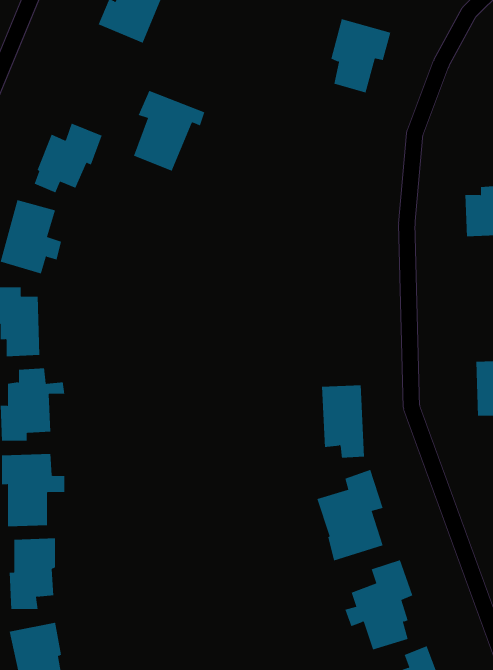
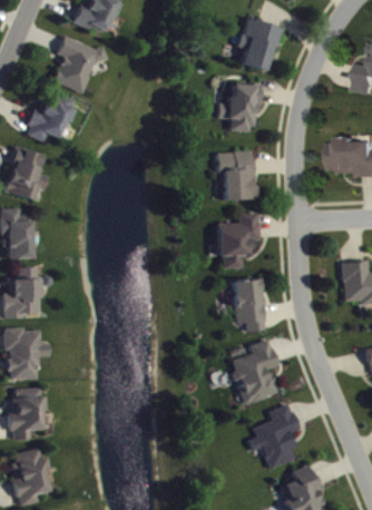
building: [133,90,205,171] -> [55,36,106,94]
building: none -> [218,82,262,131]
building: none -> [218,151,257,199]
building: none -> [219,213,260,267]

